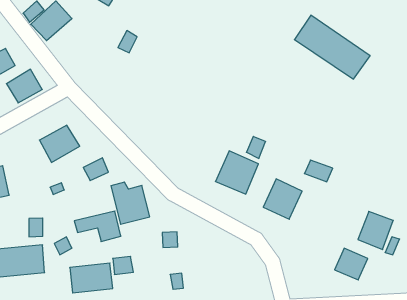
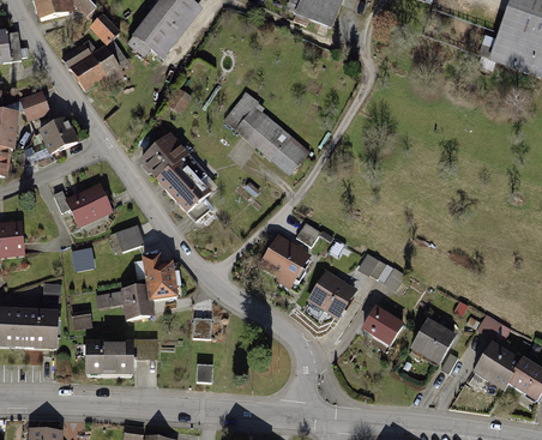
building: [294,15,370,79] -> [227,95,309,171]
building: none -> [140,132,205,206]
building: [335,248,368,280] -> [362,307,401,344]

